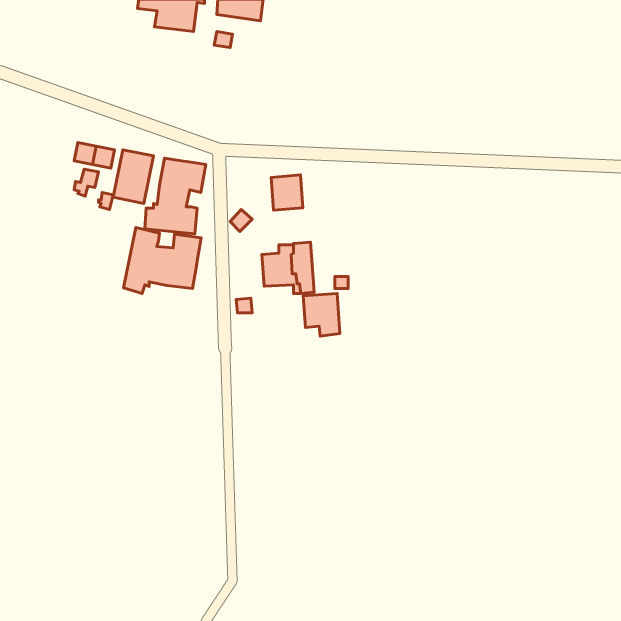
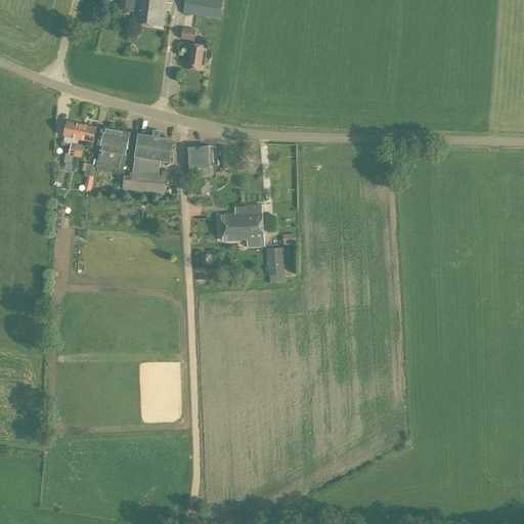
building: none -> [184,42,206,70]
building: [271,175,303,210] -> [185,145,212,175]
building: [124,228,201,293] -> none

